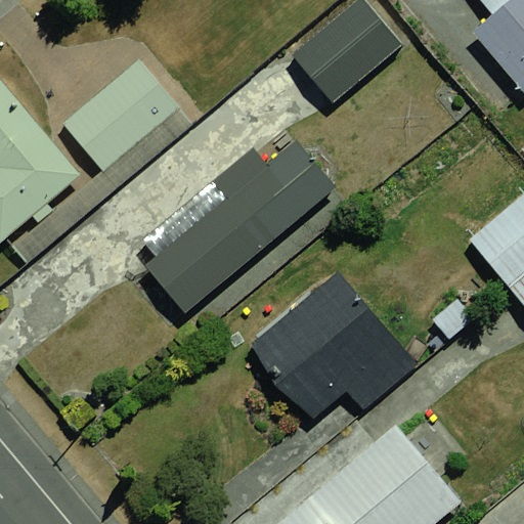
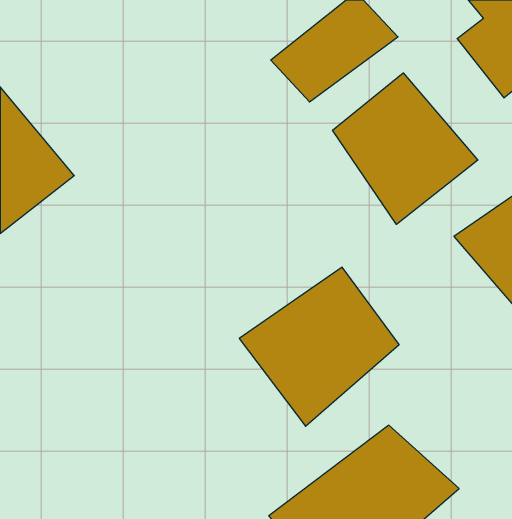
building: [61,59,175,167] -> none
building: none -> [333,73,478,224]
building: [138,149,336,307] -> none

